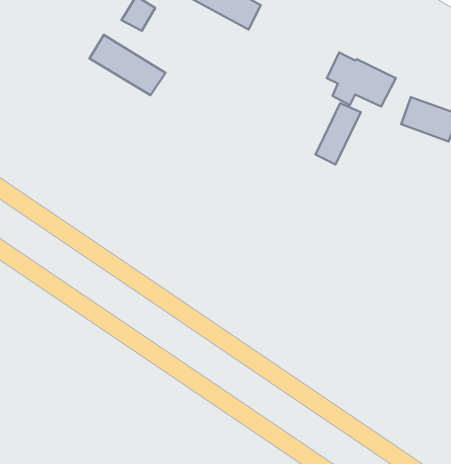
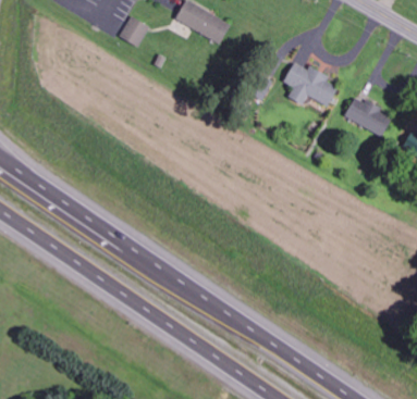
building: [89,35,166,95] -> none
building: [316,103,361,165] -> none

